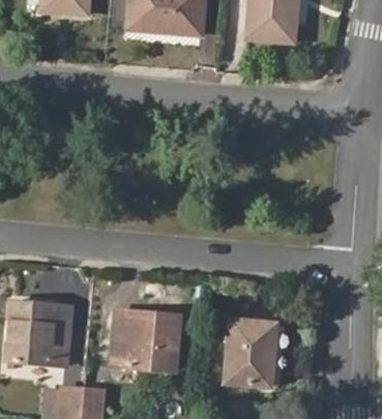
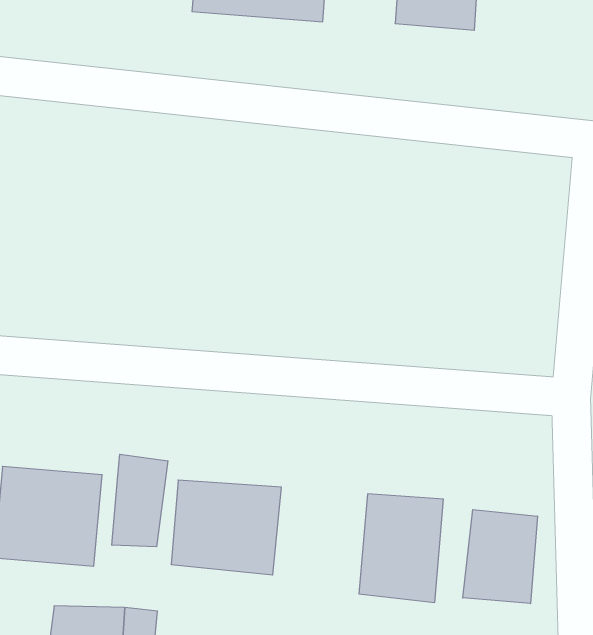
building: none -> [112,454,168,547]
building: none -> [463,510,537,604]

